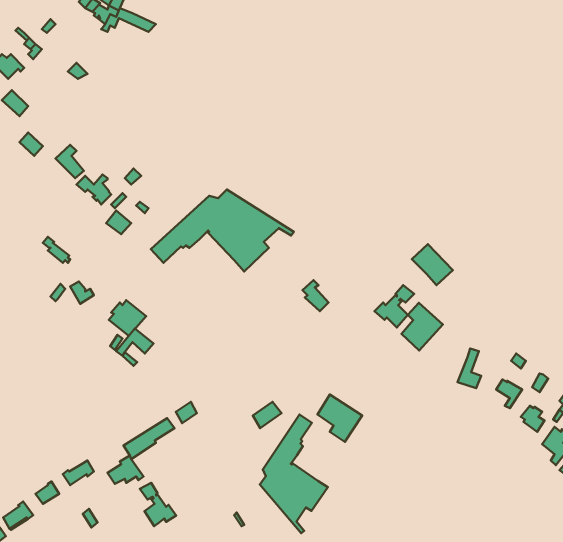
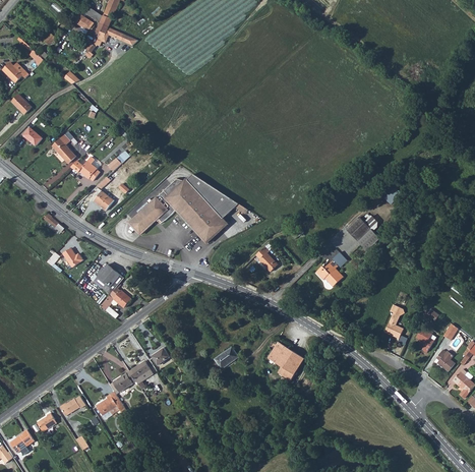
building: [402,303,443,350] -> none
building: [260,415,328,533] -> none
building: [140,483,176,526] -> none

